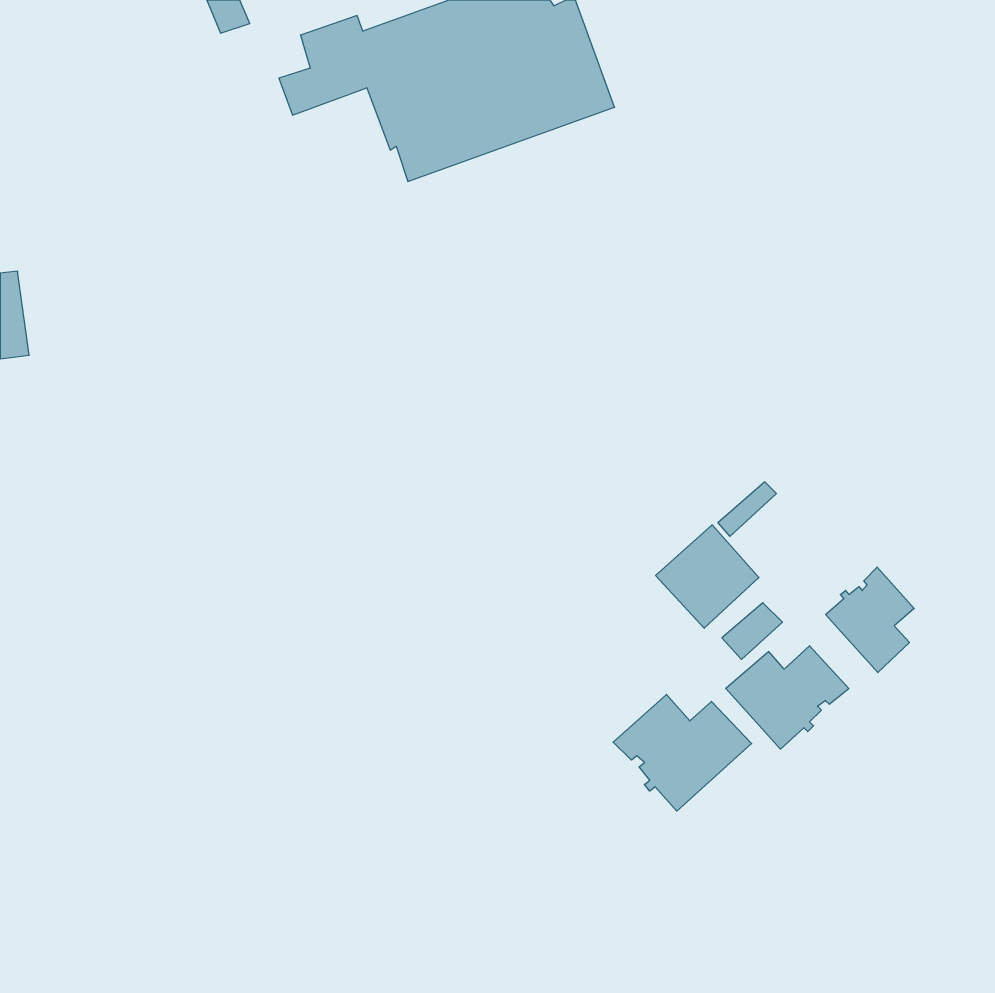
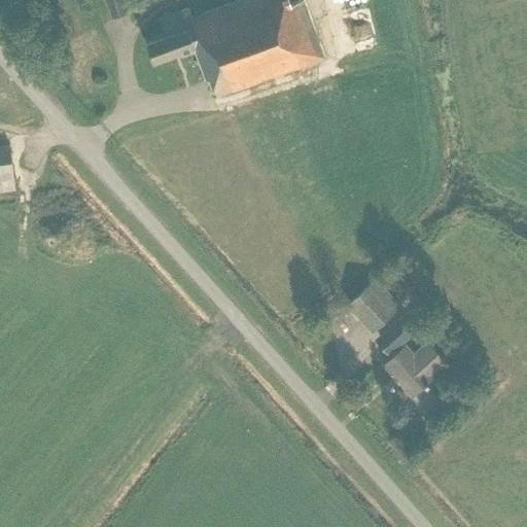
building: [826,567,914,673] -> none
building: [613,694,752,811] -> none

